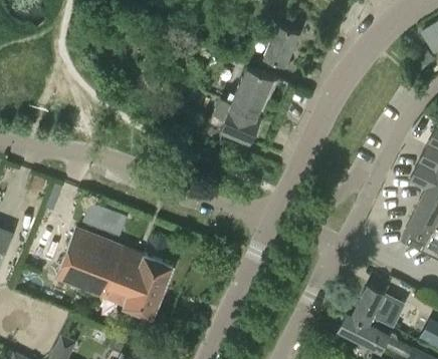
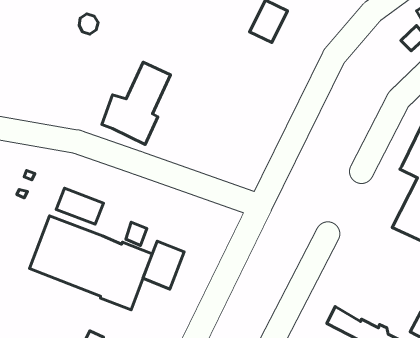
building: [209,66,274,144] -> [102,62,171,144]
building: none -> [143,241,184,289]
building: [347,286,401,329] -> none

